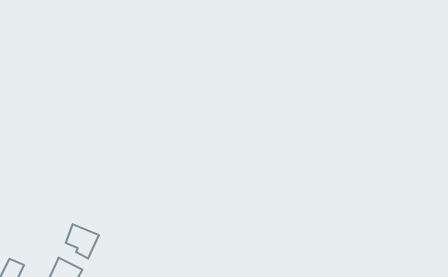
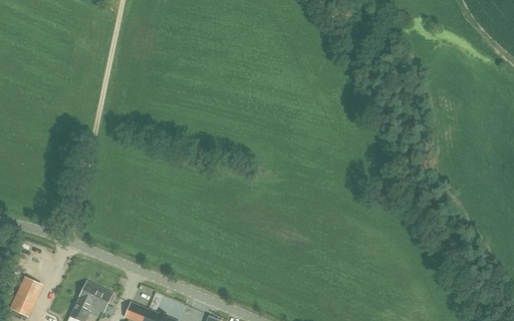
building: [66,224,99,259] -> none

